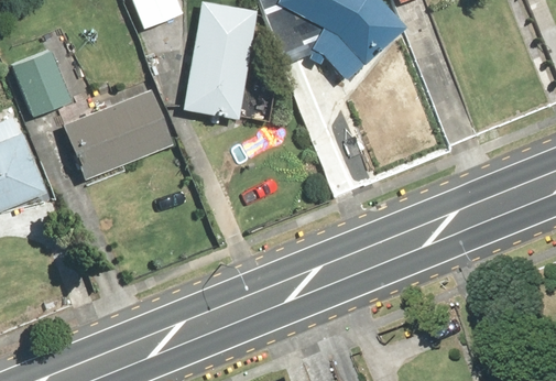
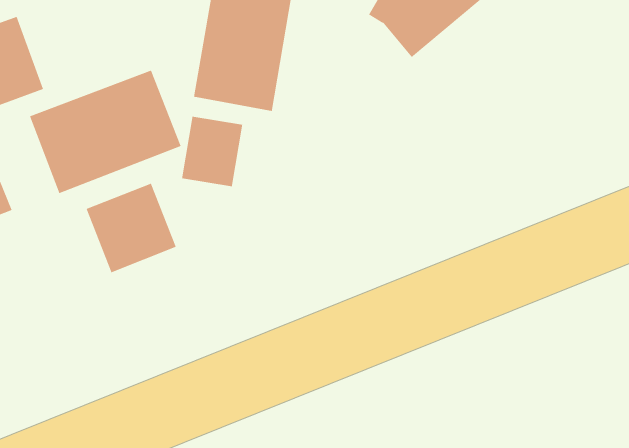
building: none -> [182,116,243,187]
building: none -> [86,183,176,273]

